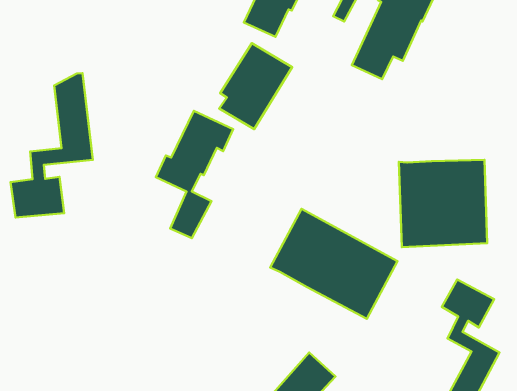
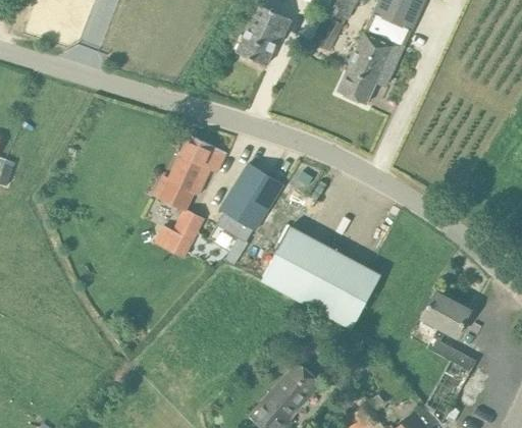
building: [219,43,292,129] -> [216,162,284,243]
building: [11,73,93,217] -> none
building: [399,160,487,247] -> none

